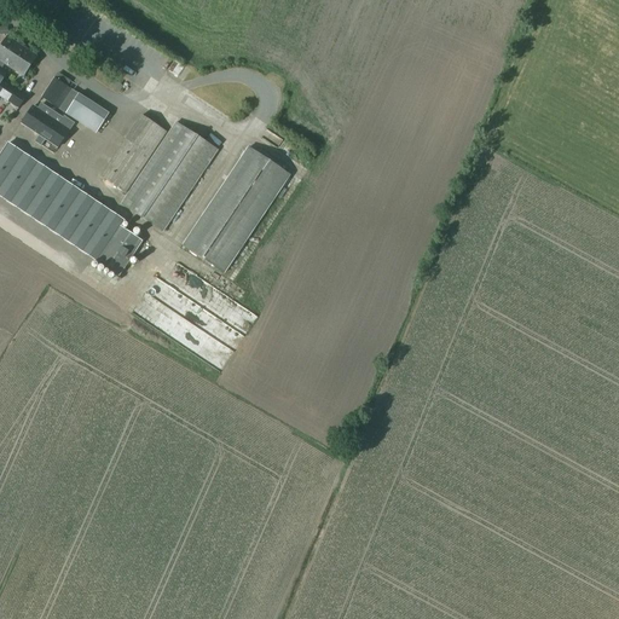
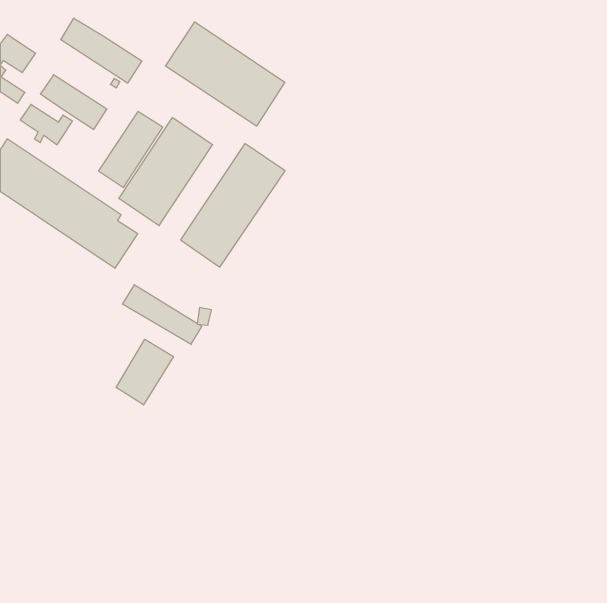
building: none -> [61,18,142,83]
building: none -> [165,22,285,126]
building: none -> [116,339,173,405]

